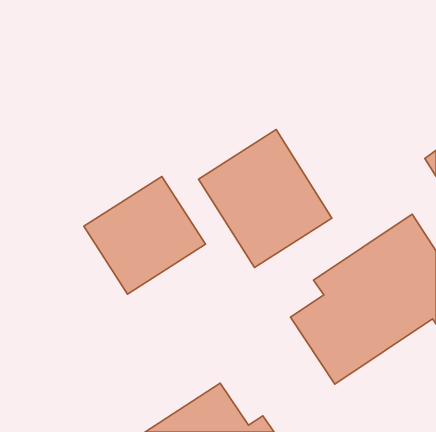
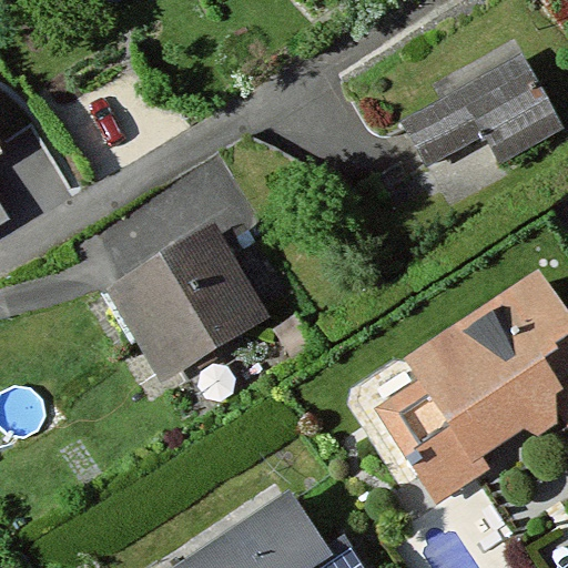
building: none -> [398,50,559,162]
building: [199,130,332,268] -> none

